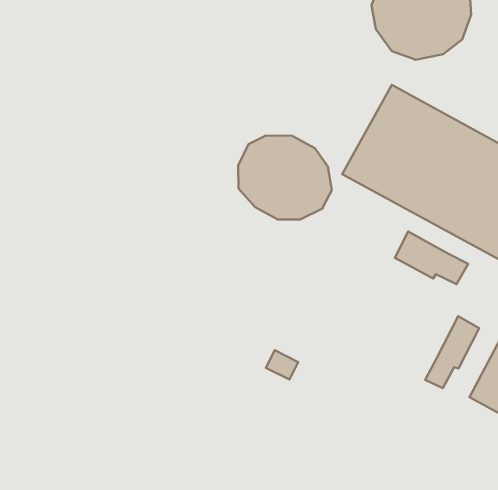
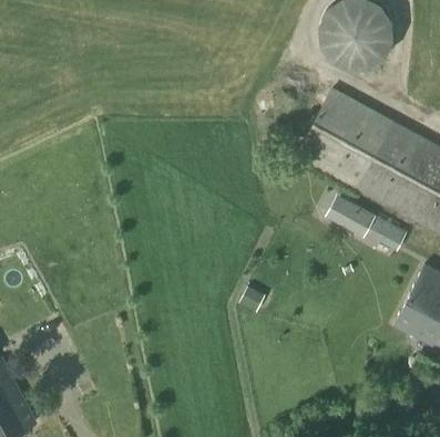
building: [238,136,332,220] -> none
building: [425,316,479,388] -> none

